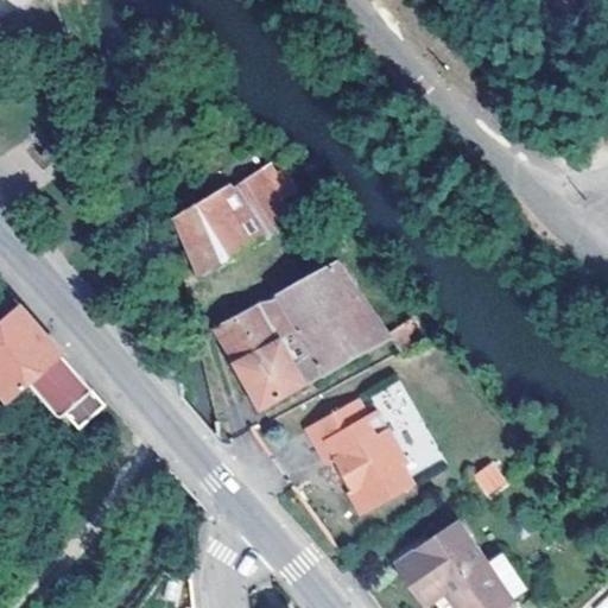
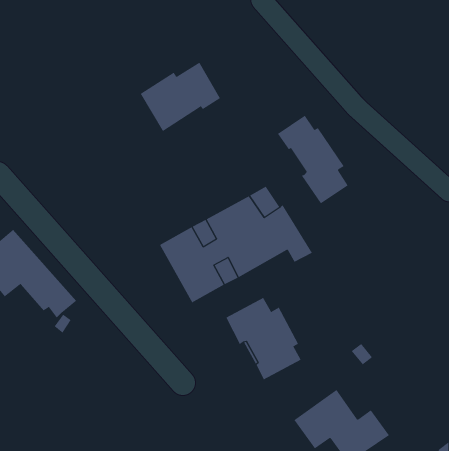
building: none -> [277,115,349,204]
building: [178,173,287,267] -> [140,62,221,132]

